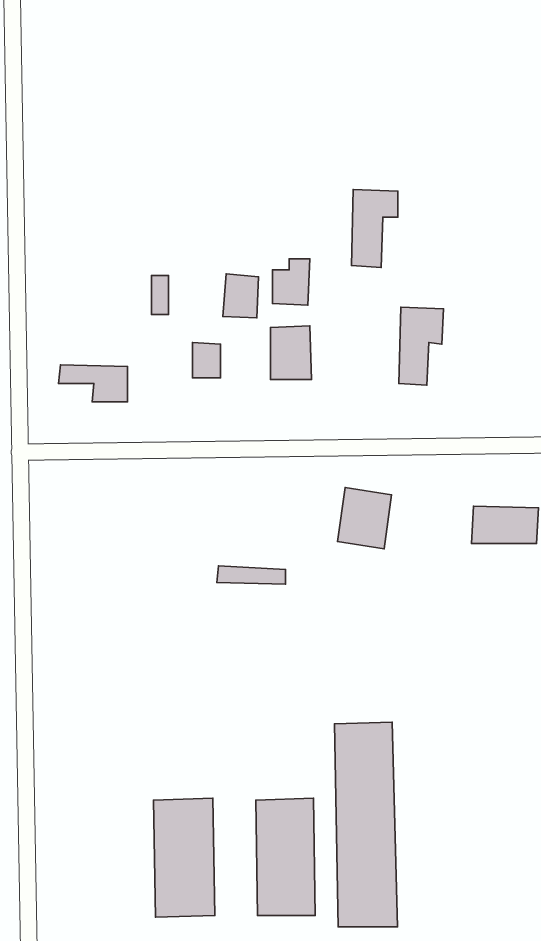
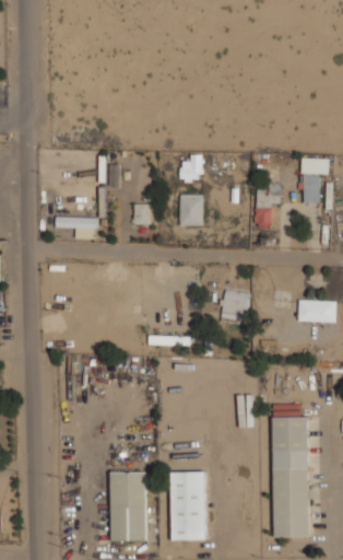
building: [351,189,398,267] -> [301,158,329,203]
building: [223,274,258,318] -> none
building: [334,722,398,927] -> [272,417,309,537]

